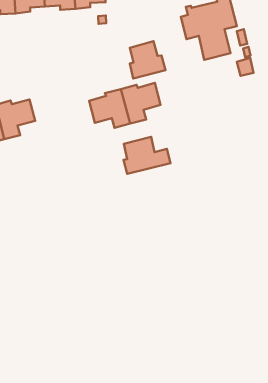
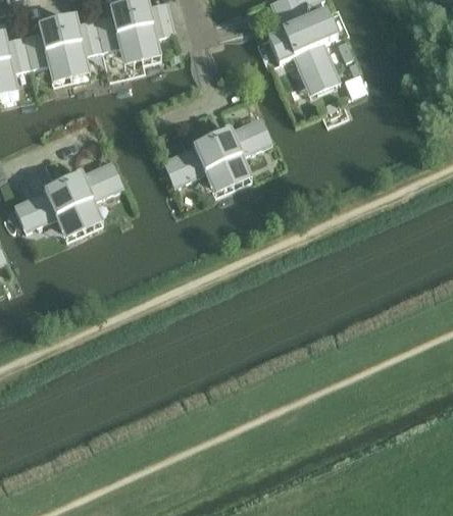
building: [130,41,165,79] -> none
building: [124,137,171,174] -> none

